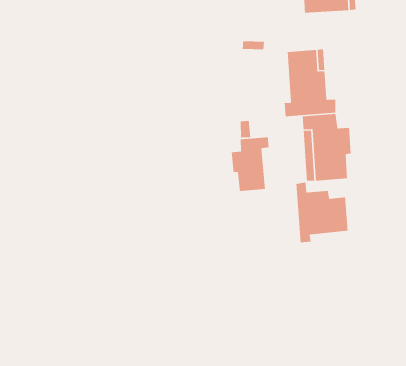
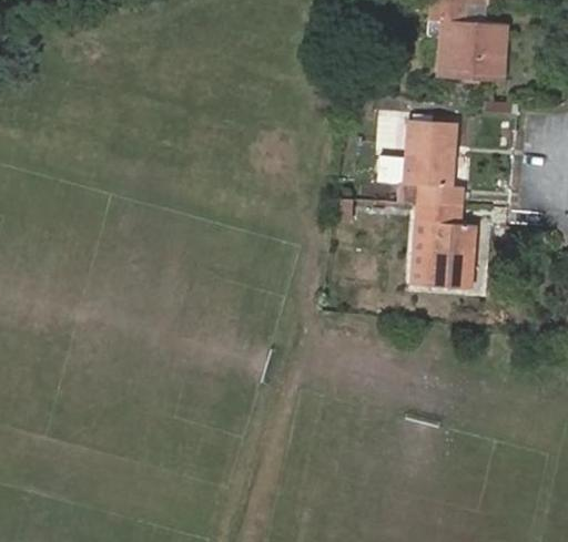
building: [231,137,269,192] -> none
building: [295,182,349,243] -> none

